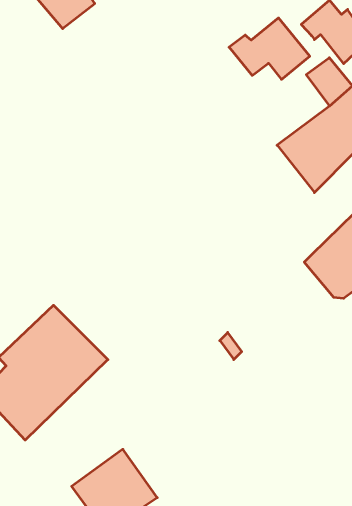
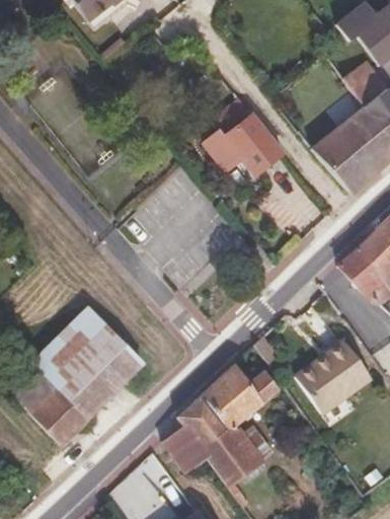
building: [229,18,310,79] -> [203,114,284,175]
building: none -> [297,340,372,413]
building: none -> [162,363,279,506]

